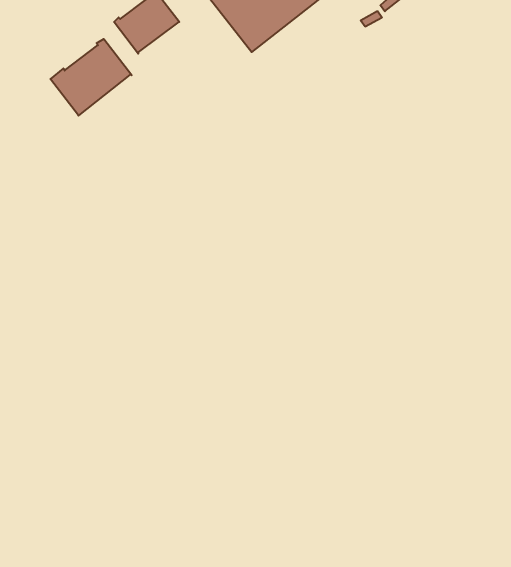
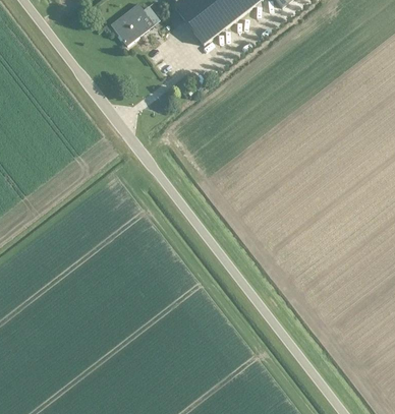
building: [50,39,132,116] -> none

